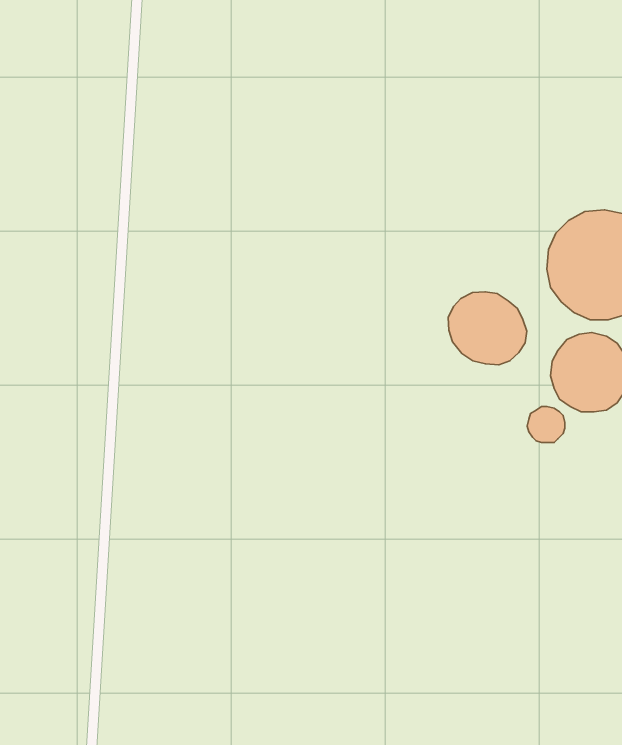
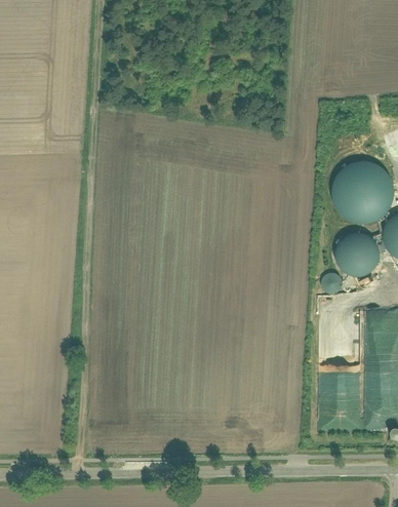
building: [448,292,527,365] -> none

